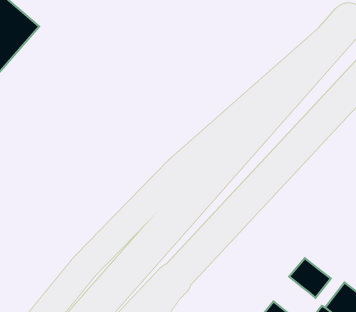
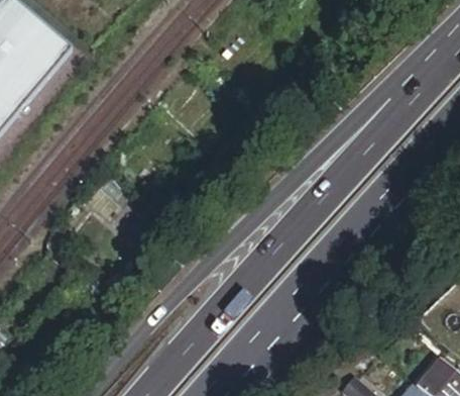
building: [289,258,331,298] -> none

